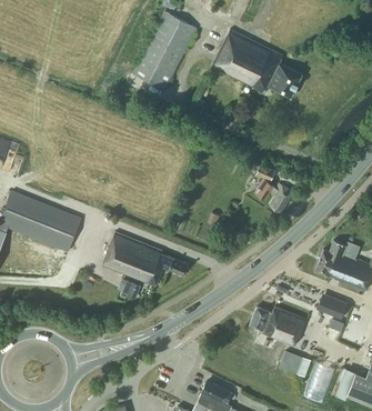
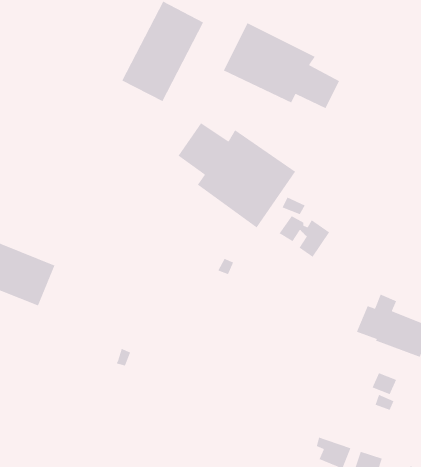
building: none -> [178,122,296,228]
building: [102,231,188,285] -> none
building: [250,307,306,345] -> none

